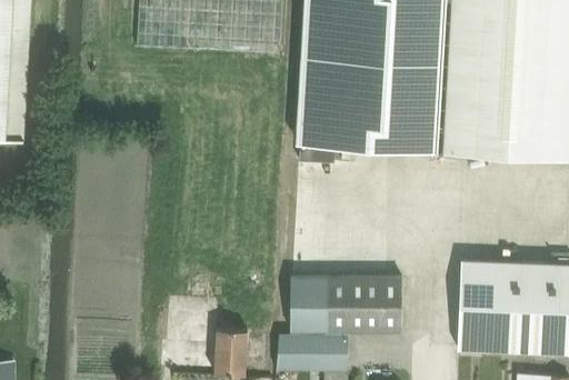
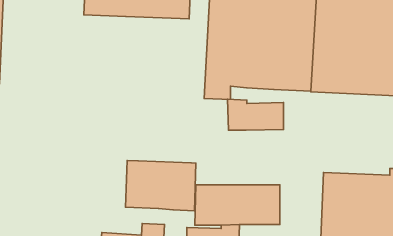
building: none -> [227,99,284,130]
building: none -> [126,161,196,211]

